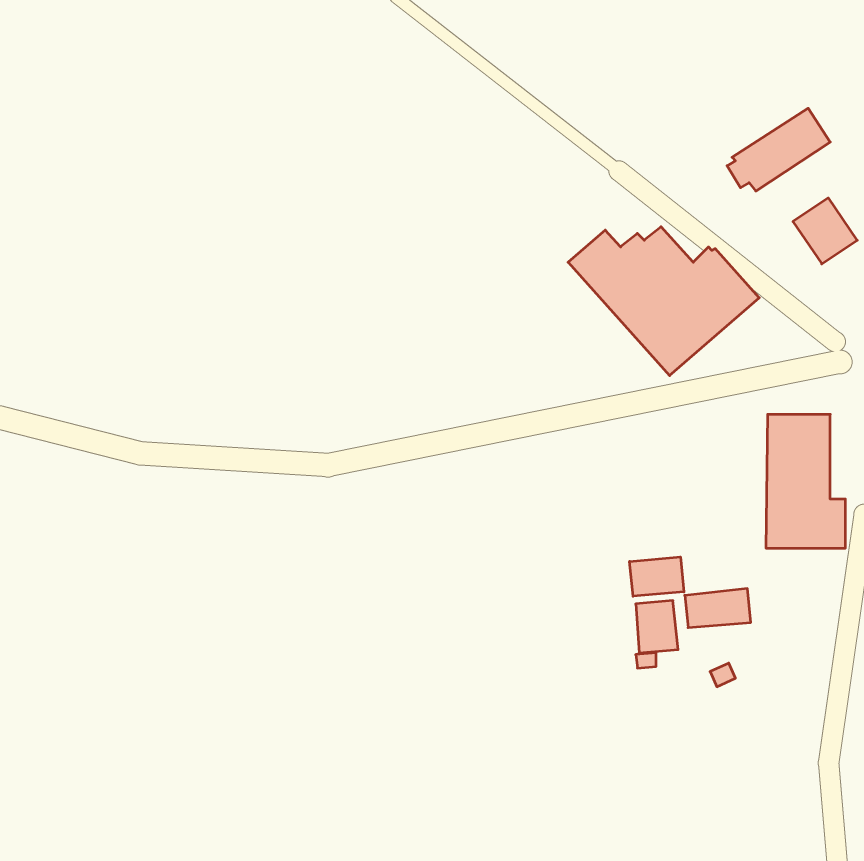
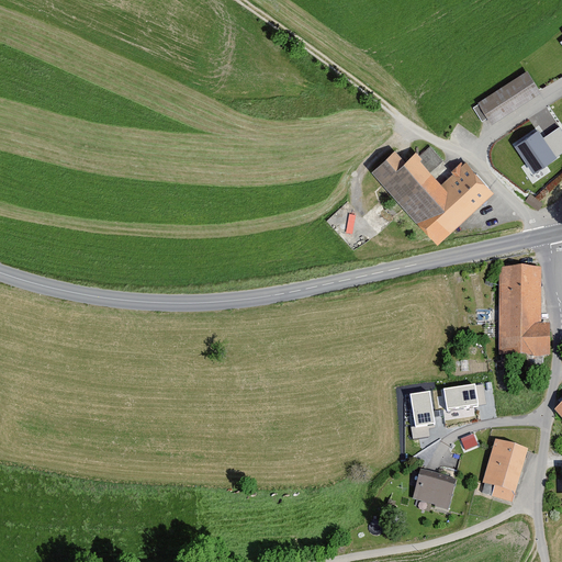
building: [630,557,684,596] -> none
building: none -> [482,441,527,504]
building: none -> [413,470,456,508]

